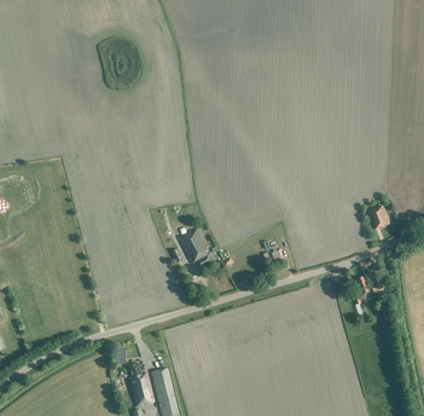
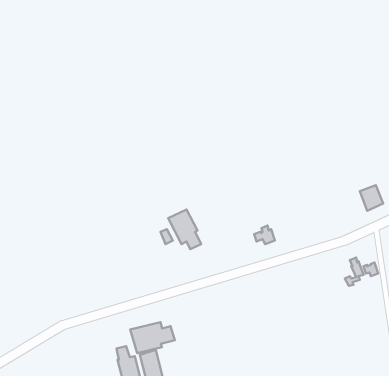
building: none -> [130,322,175,353]

